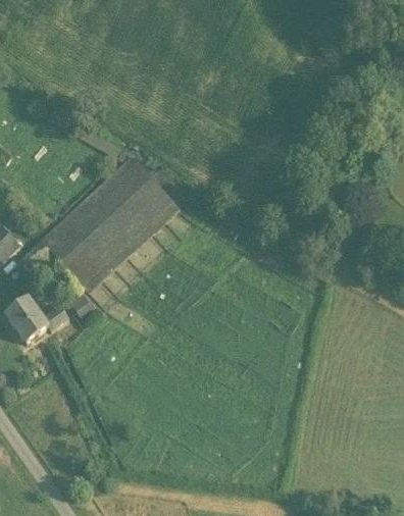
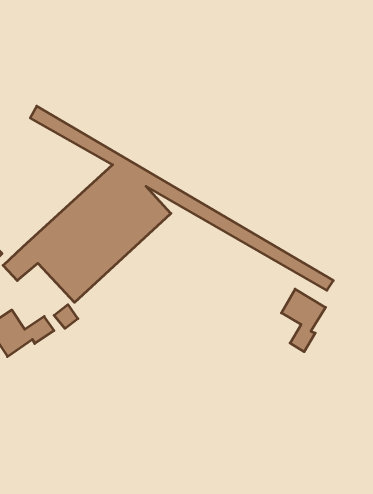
building: none -> [281,289,326,352]

